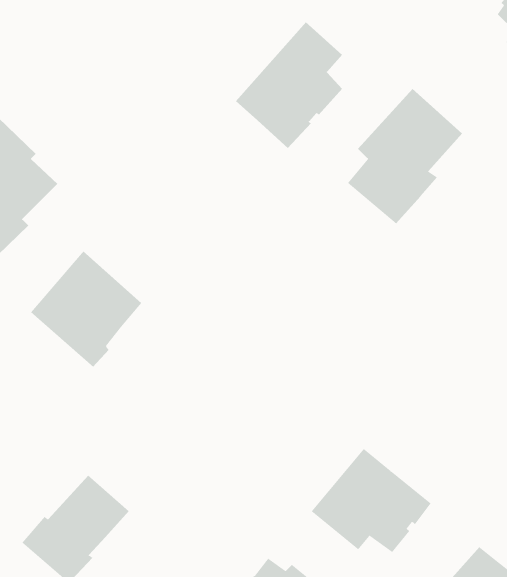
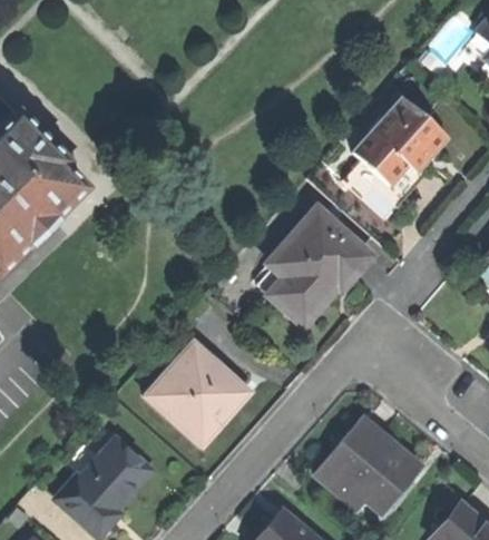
building: [235,21,343,149] -> none
building: none -> [258,209,370,323]
building: [30,250,142,367] -> [147,342,246,445]

